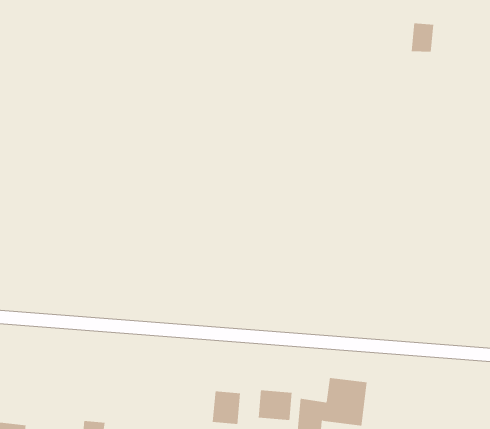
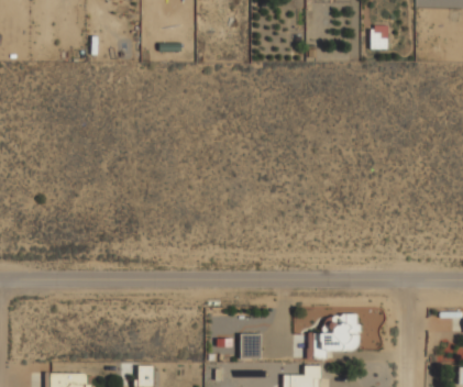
building: [258,390,292,421] -> none

